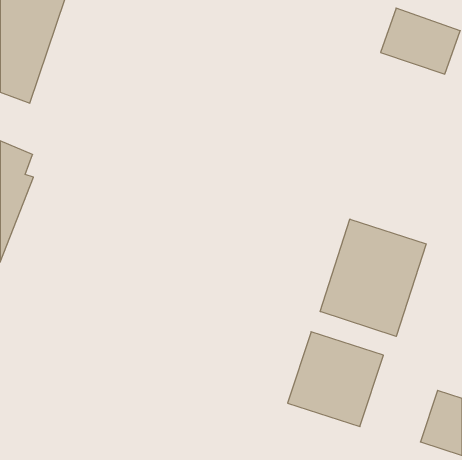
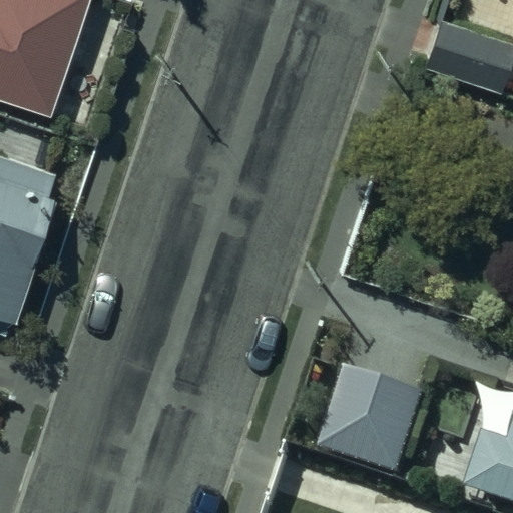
building: [320,219,426,336] -> none

